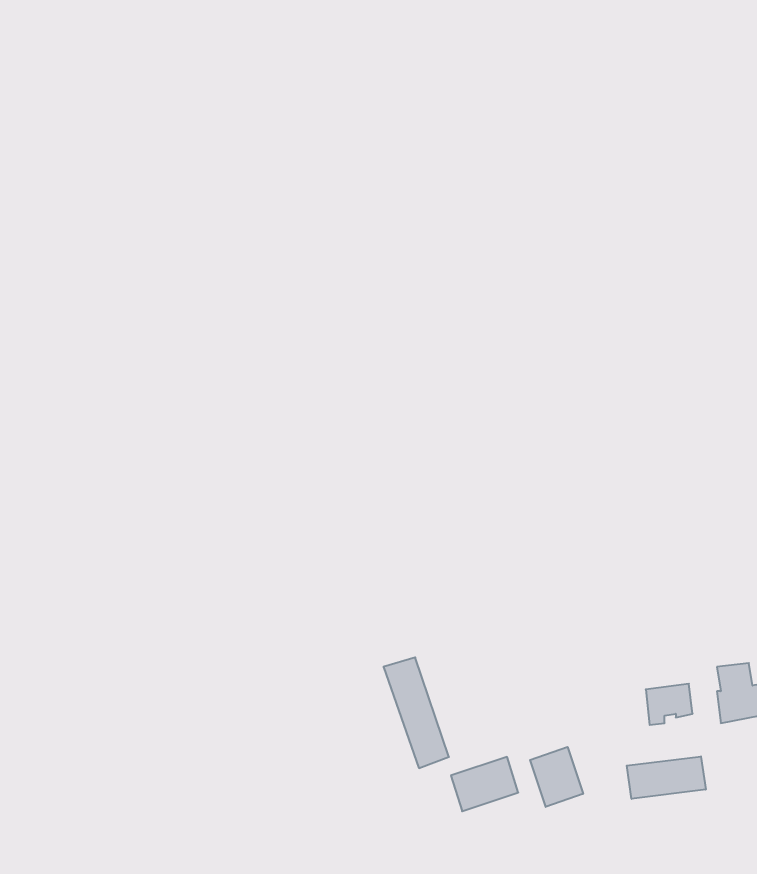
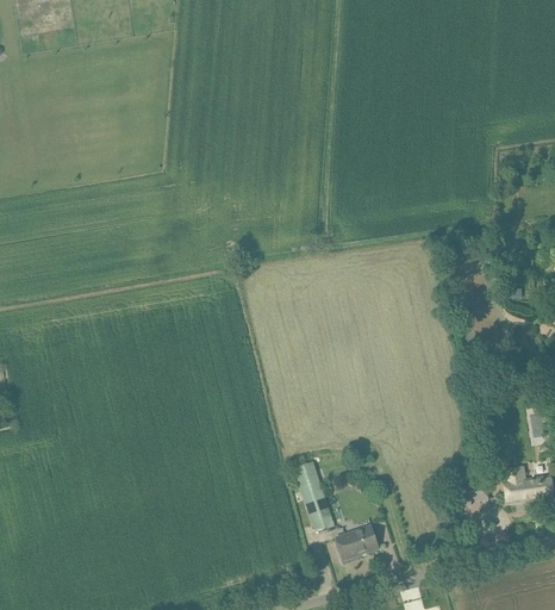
building: [530,747,583,807] -> none
building: [627,756,706,799] -> none

